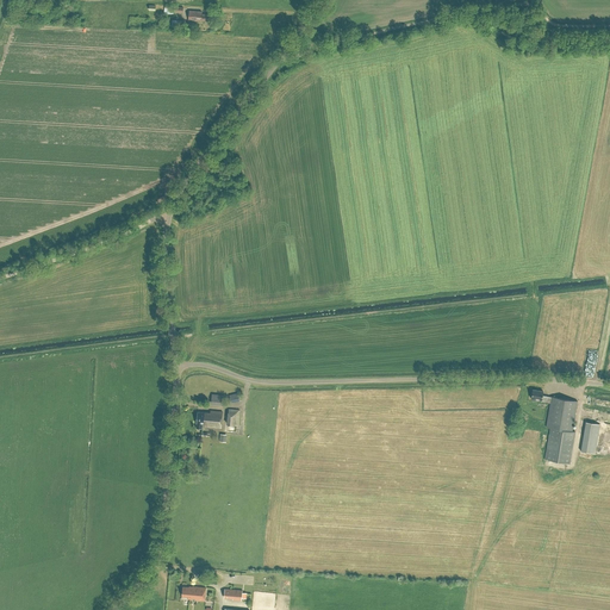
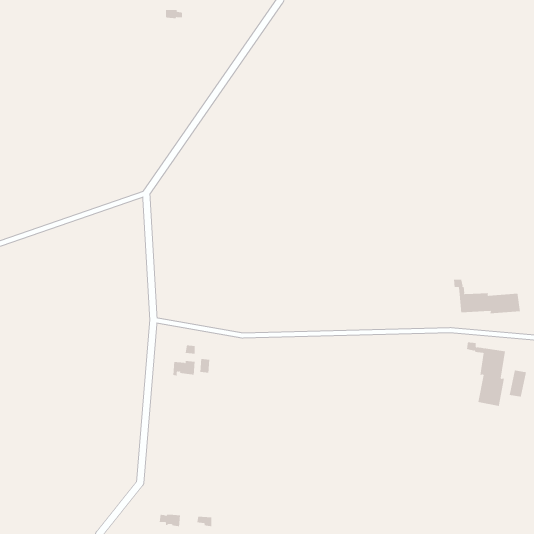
building: none -> [454,279,521,314]

